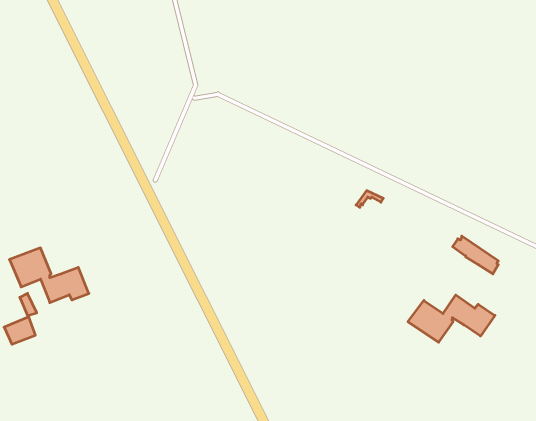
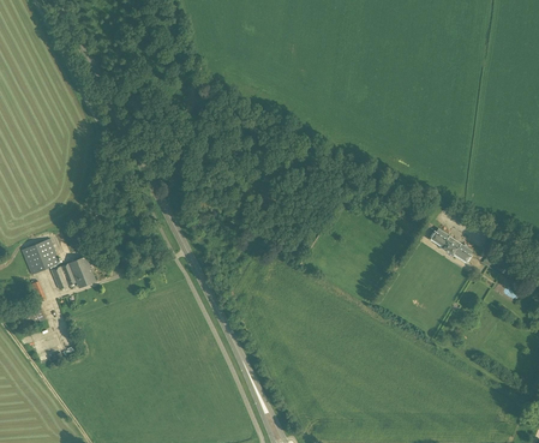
building: [408,295,495,342] -> none

